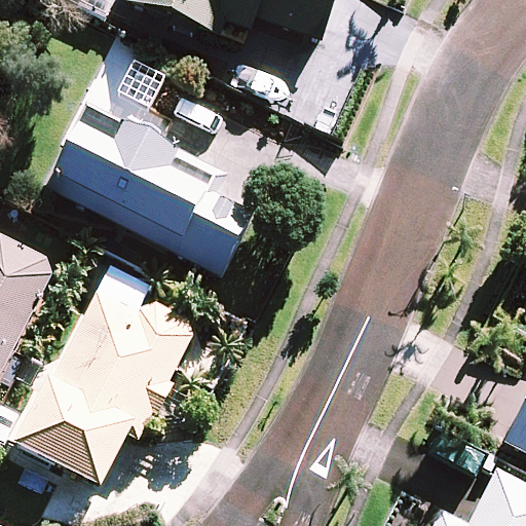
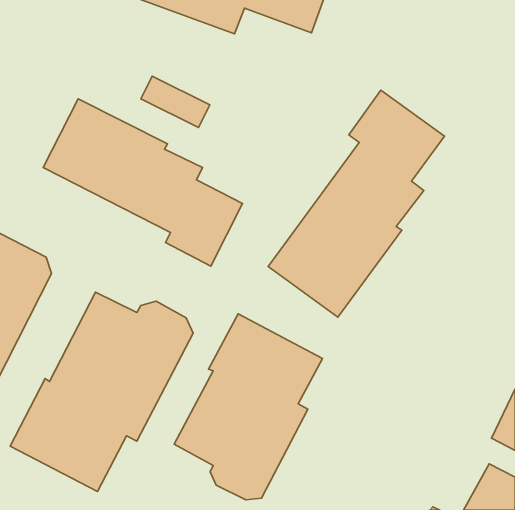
building: none -> [268,90,444,317]
building: none -> [174,314,322,500]

